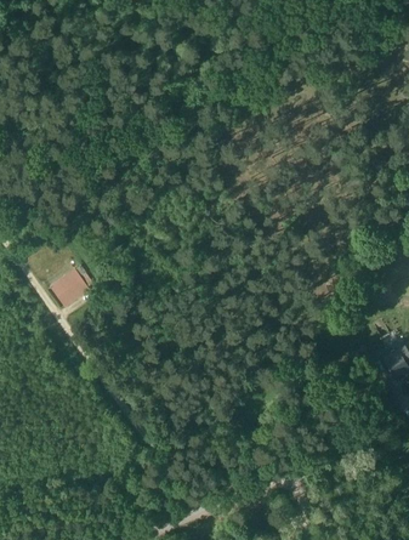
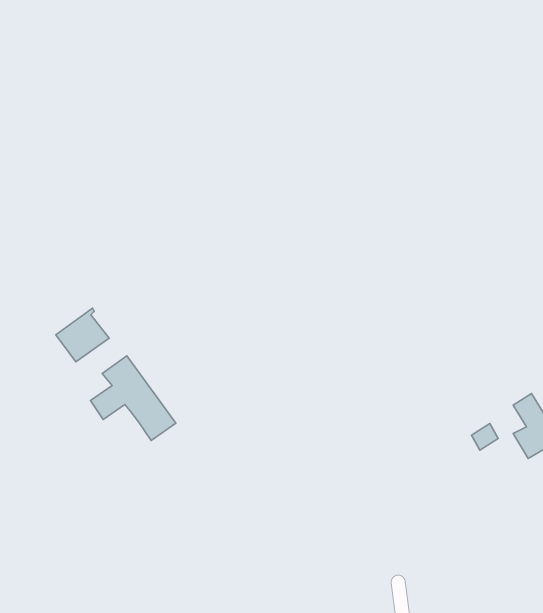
building: none -> [91,356,176,441]

